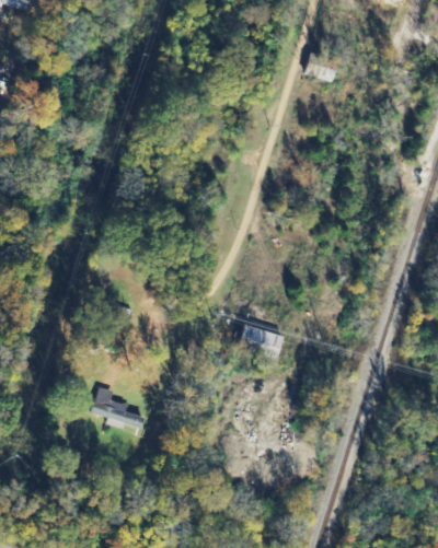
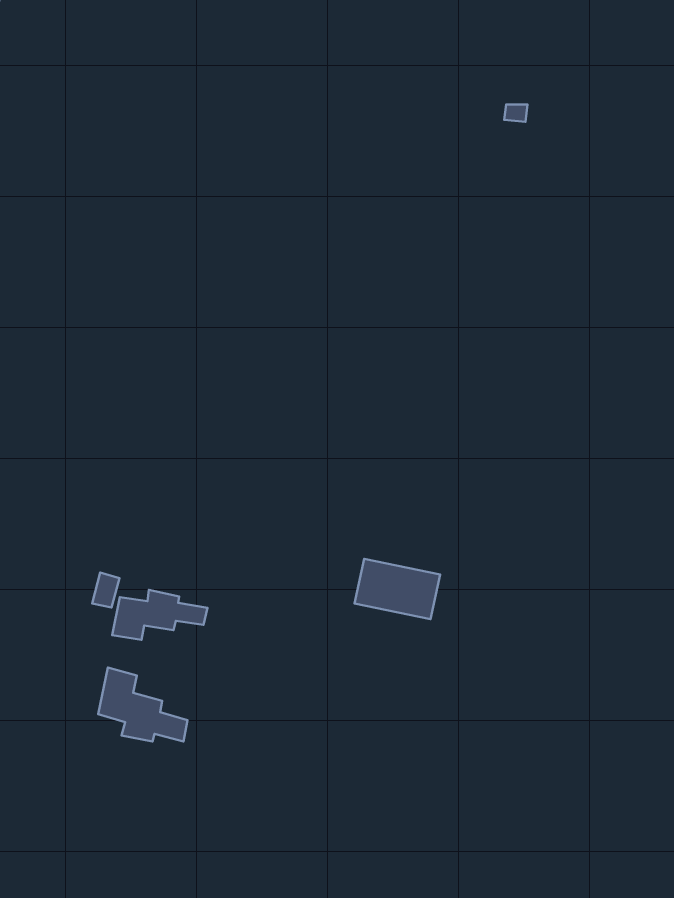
building: none -> [112,590,208,640]

